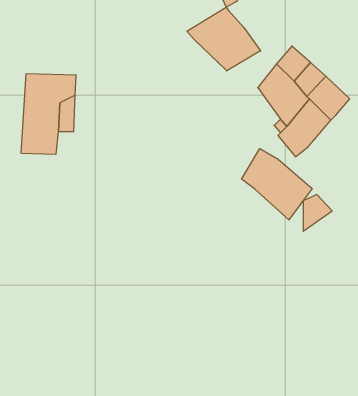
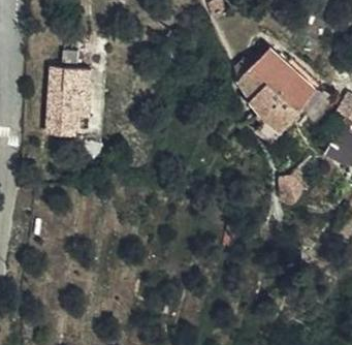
building: [187,7,261,71] -> none
building: [242,149,312,220] -> none

